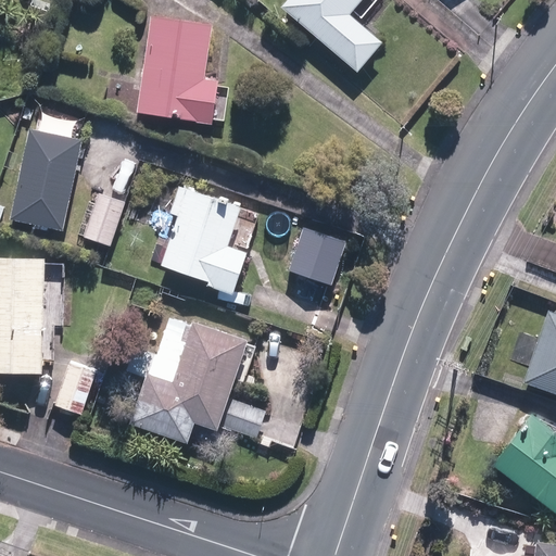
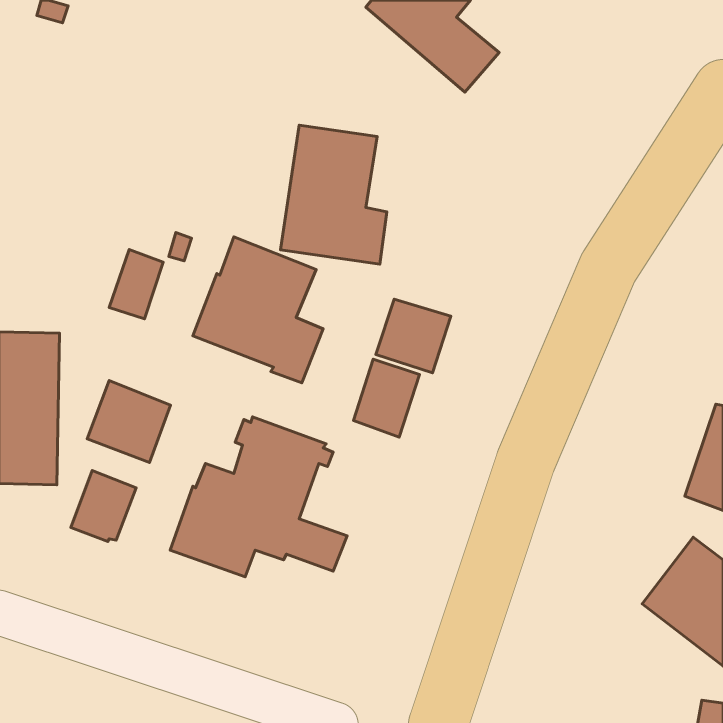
building: [137,16,218,123] -> [281,125,387,264]
building: [11,126,83,229] -> none
building: none -> [354,359,420,437]
building: none -> [87,381,171,463]

